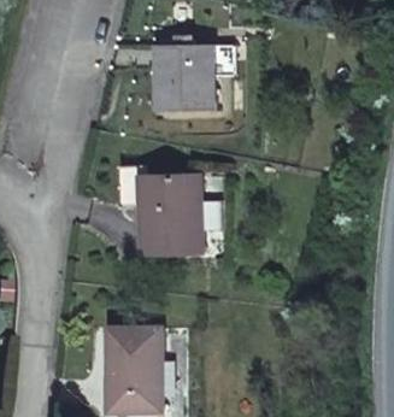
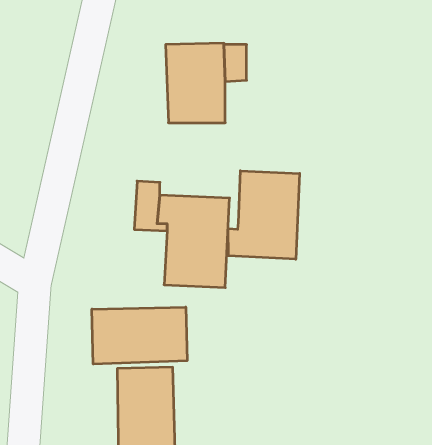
building: none -> [228,171,300,259]
building: none -> [92,307,187,364]

